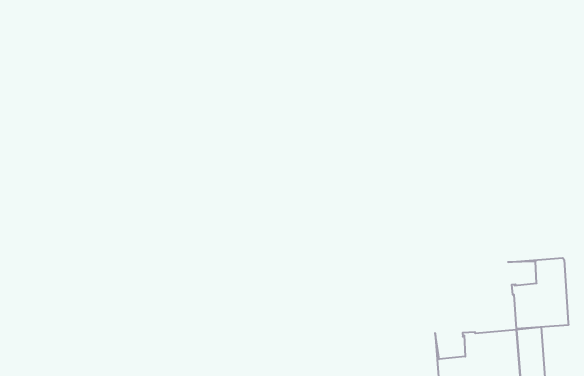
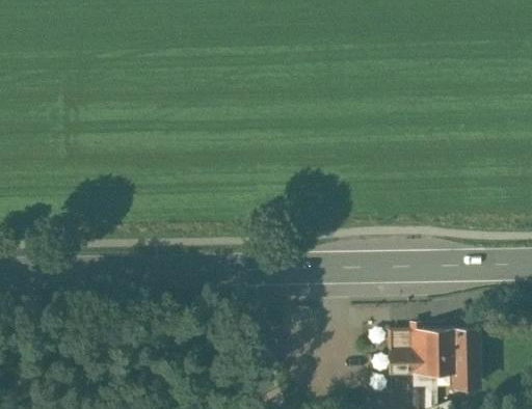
building: [508,258,568,329] -> none

